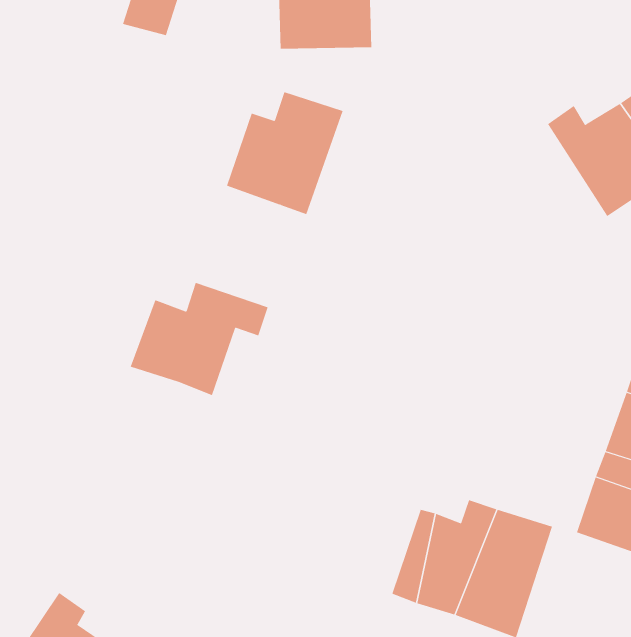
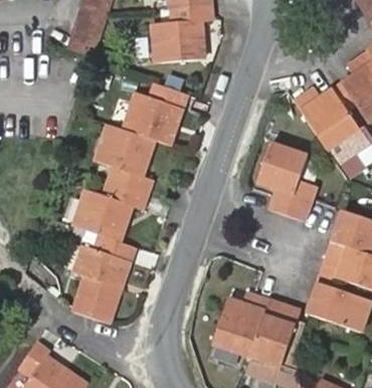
building: none -> [98,126,154,194]
building: none -> [257,142,319,219]
building: none -> [75,233,135,322]

